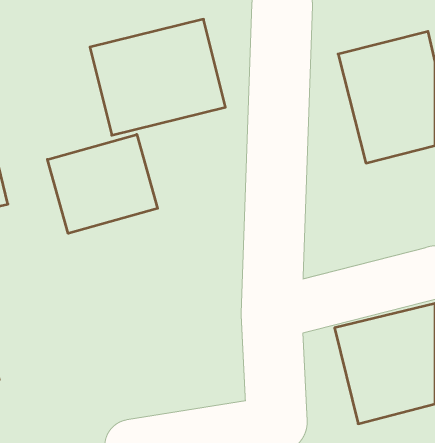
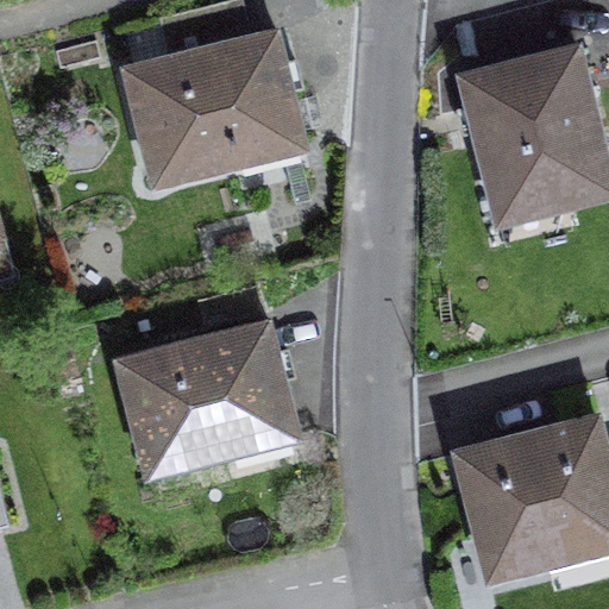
building: [47,134,158,233] -> none
building: none -> [115,319,301,483]

